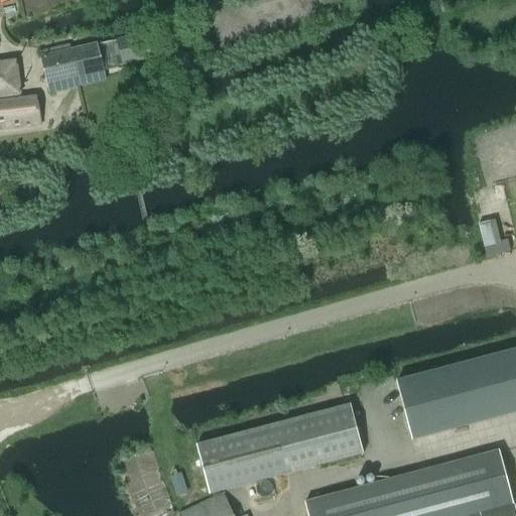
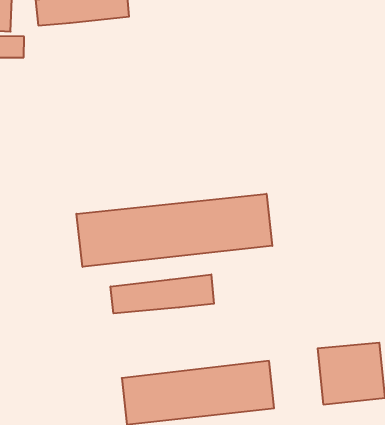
building: none -> [76,194,272,267]
building: none -> [111,274,214,313]

